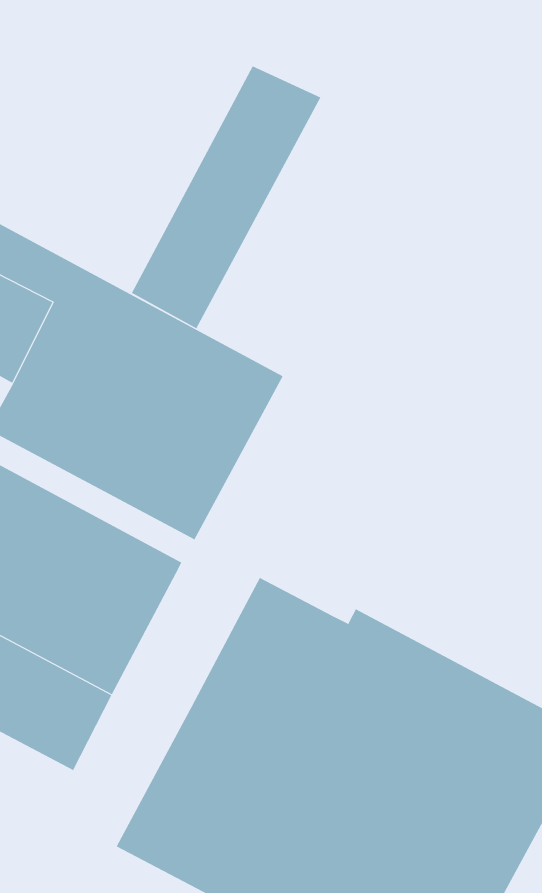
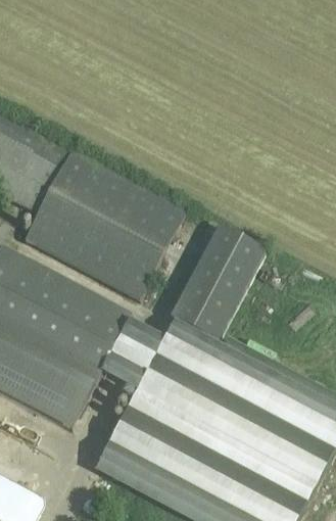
building: [131,66,321,329] -> none
building: none -> [170,227,267,343]
building: none -> [101,320,166,393]

